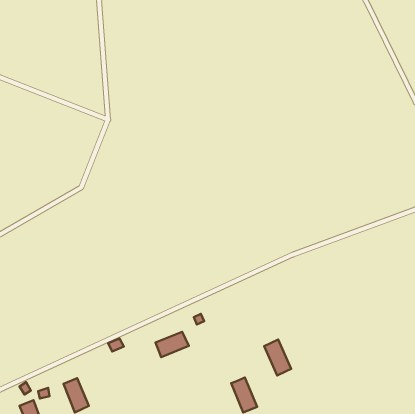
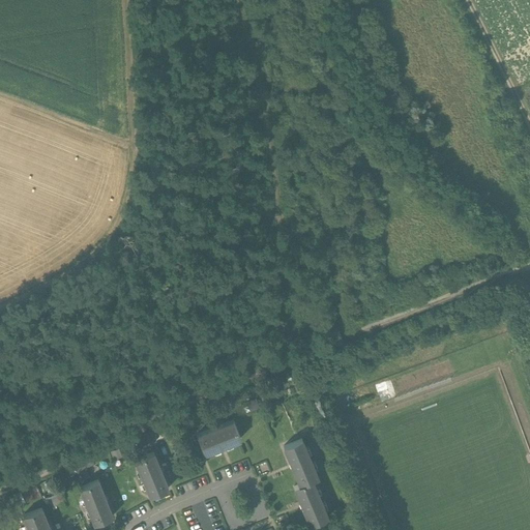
building: [264,340,291,375] -> [285,442,319,488]
building: none -> [137,455,169,498]

